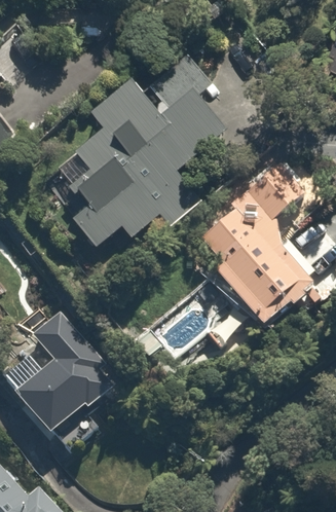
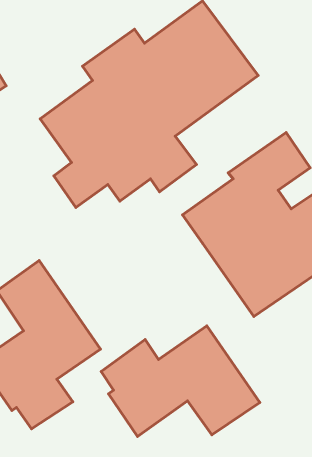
building: none -> [101,326,260,436]

